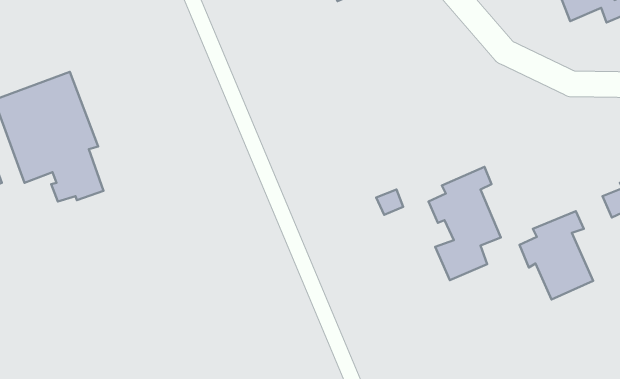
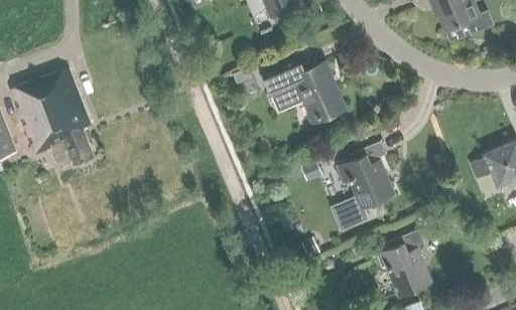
building: none -> [262,61,345,122]
building: [520,211,593,299] -> [376,229,431,296]

